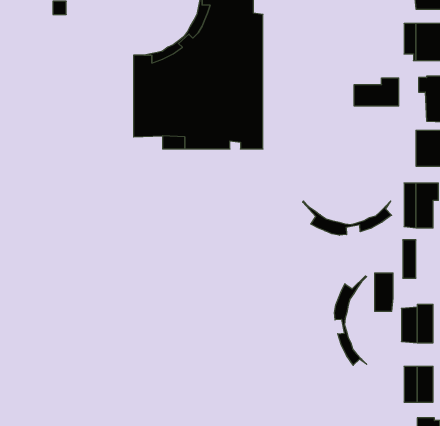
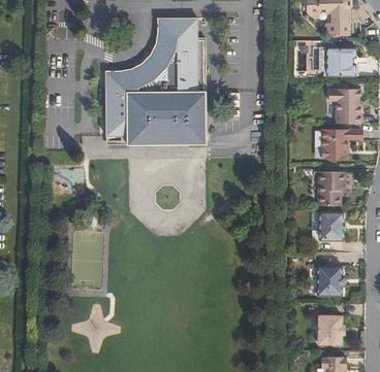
building: [354,78,399,106] -> none
building: [303,201,392,235] -> none
building: [375,273,393,311] -> [326,214,341,244]
building: [334,276,367,365] -> none

